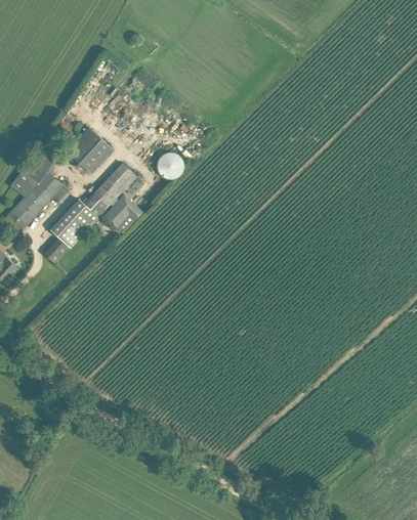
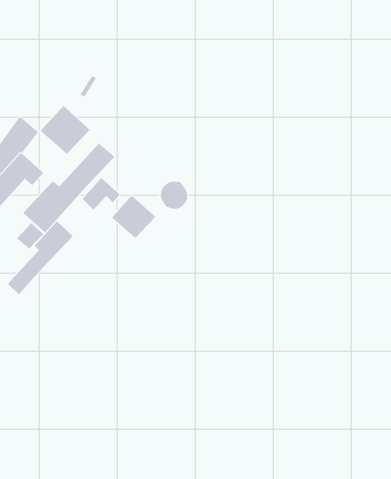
building: [157,153,183,179] -> [160,181,188,209]
building: none -> [111,195,156,239]
building: none -> [7,220,74,295]

